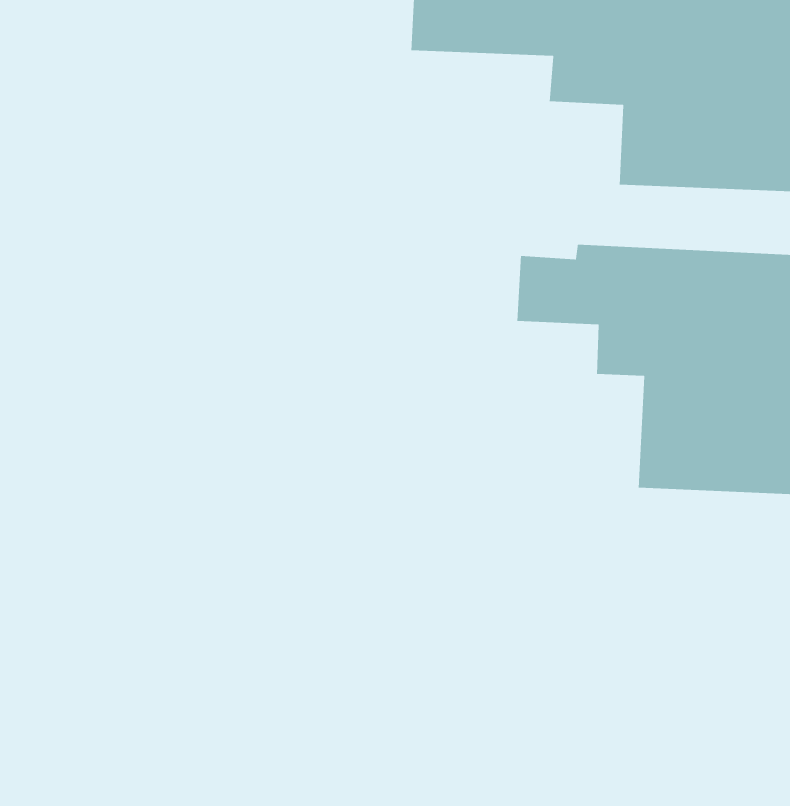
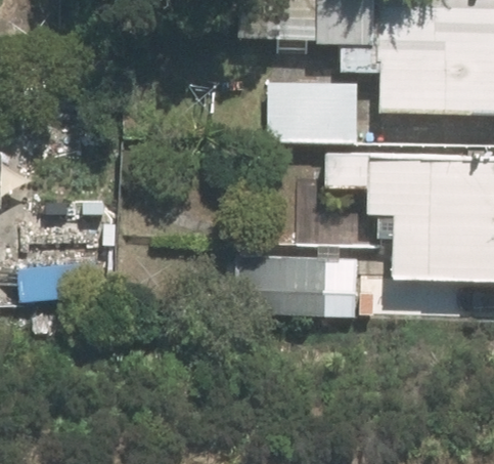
building: none -> [266,79,365,145]
building: none -> [256,253,366,320]

